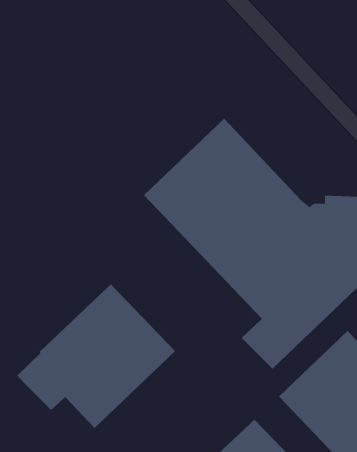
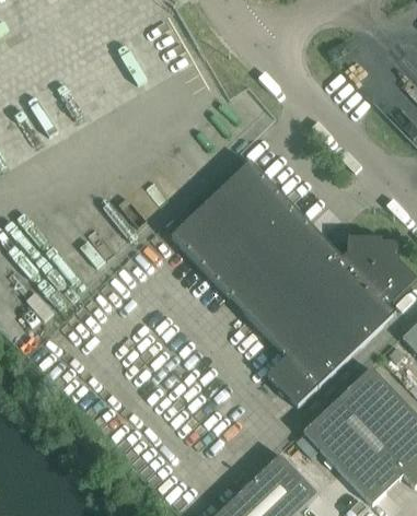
building: [17,284,176,429] -> none

